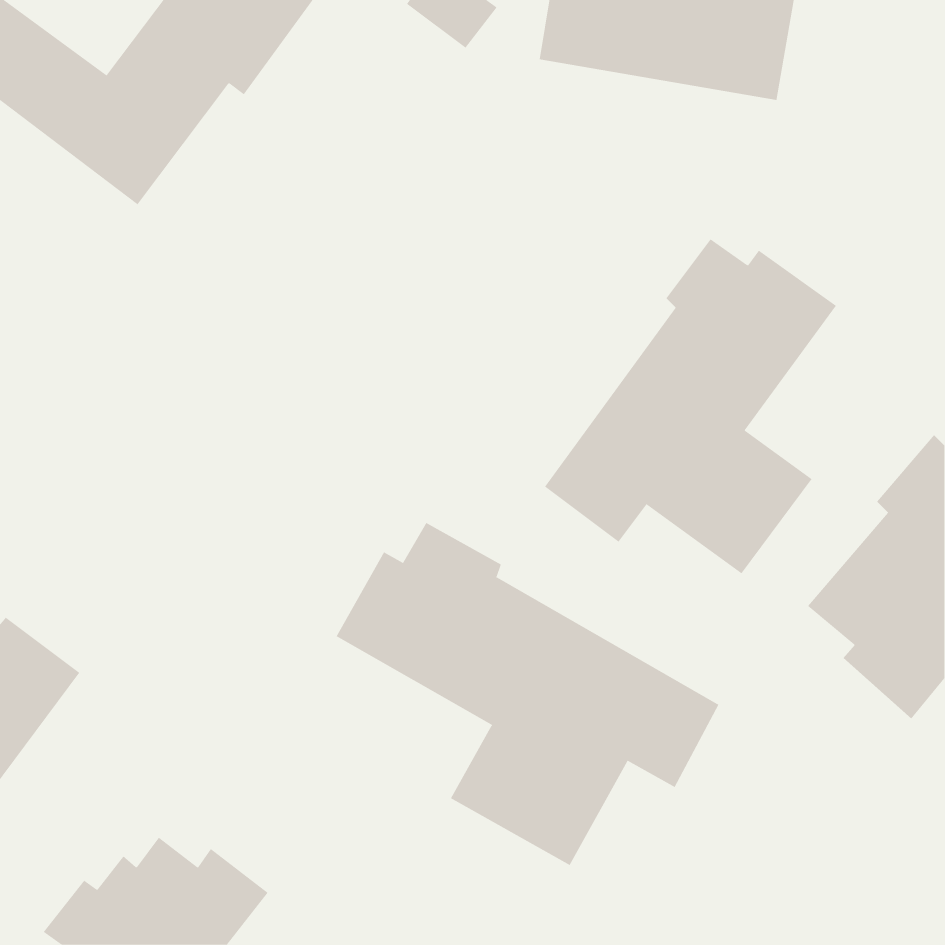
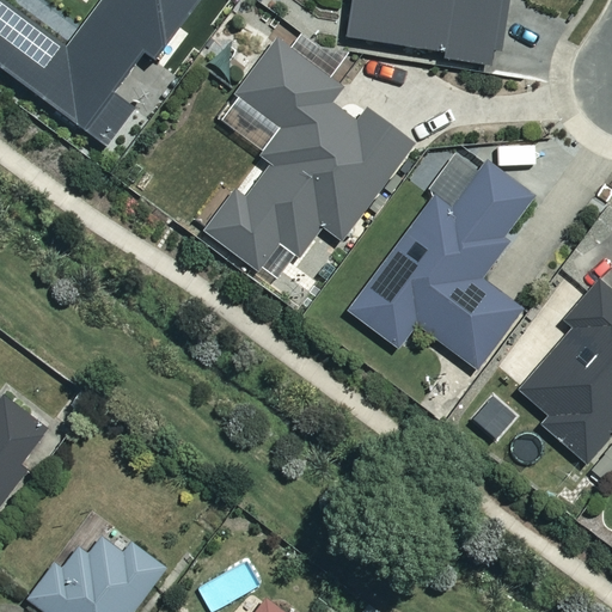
building: none -> [204,38,414,270]
building: [336,522,719,866] -> none

